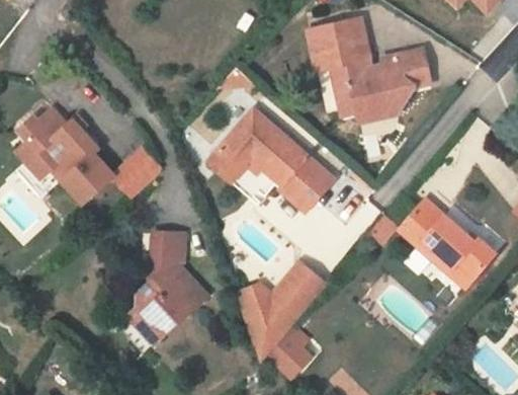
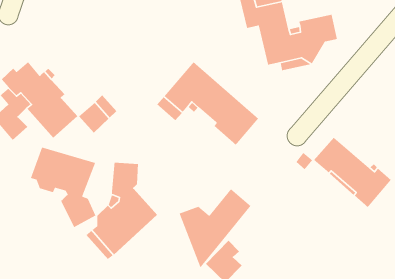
building: none -> [30,146,96,228]

